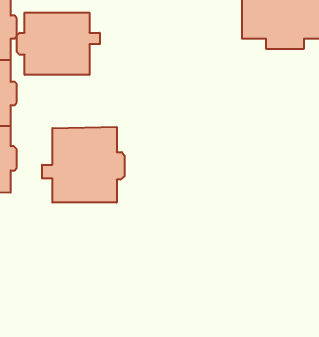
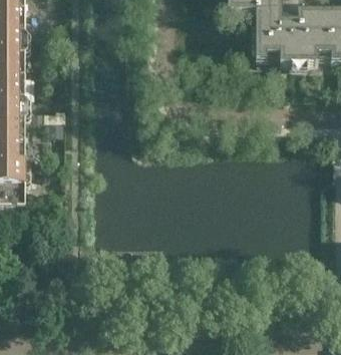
building: [17,13,100,75] -> none
building: [42,127,125,203] -> none

